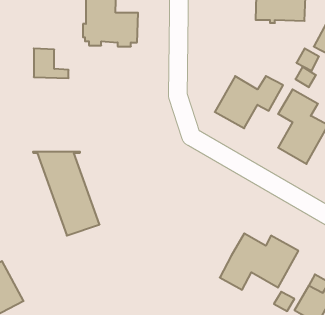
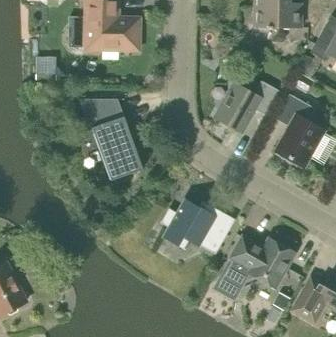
building: [33,152,100,236] -> [78,99,143,181]
building: none -> [160,199,235,255]

